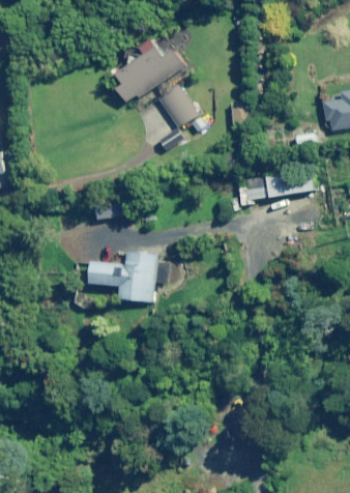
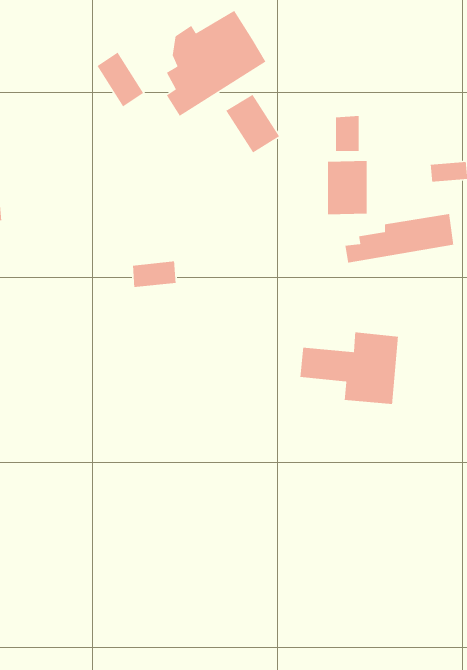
building: none -> [97,51,144,107]
building: none -> [327,160,367,215]
building: [88,252,155,301] -> [300,332,399,405]

